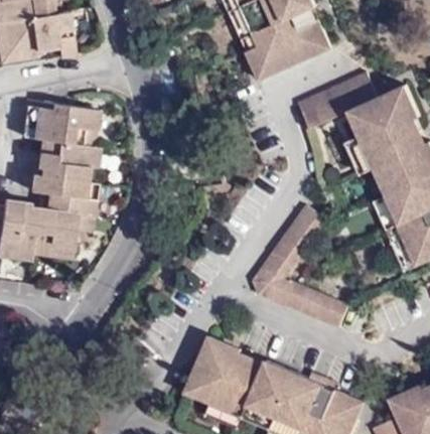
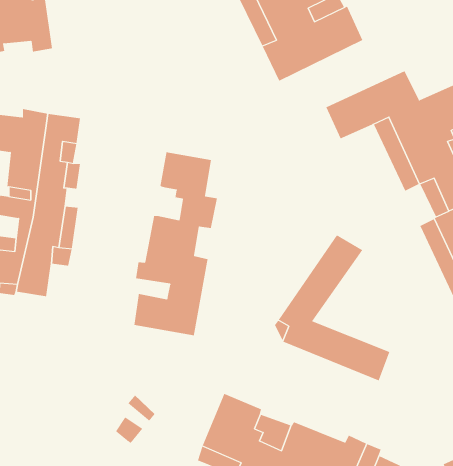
building: none -> [134,151,217,336]

